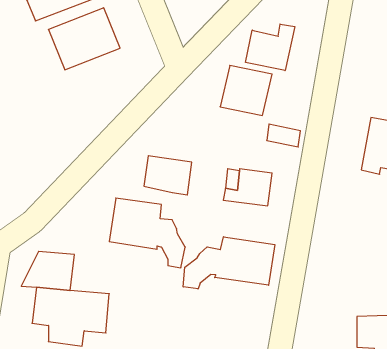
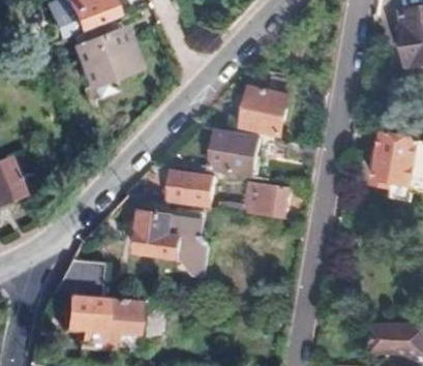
building: [246,24,295,71] -> none
building: none -> [211,129,259,172]
building: [183,237,275,289] -> none

